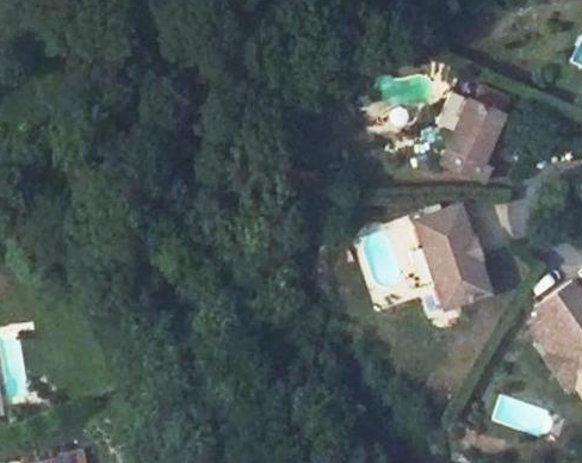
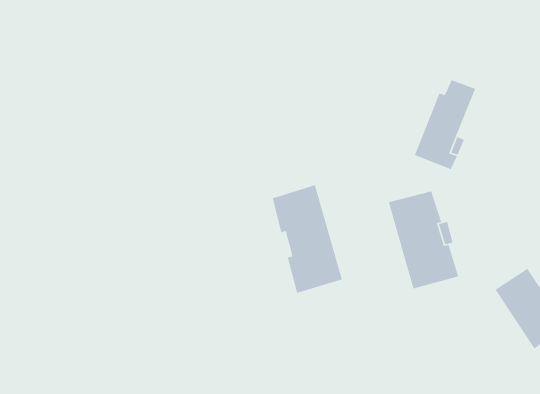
building: none -> [272,184,343,294]

